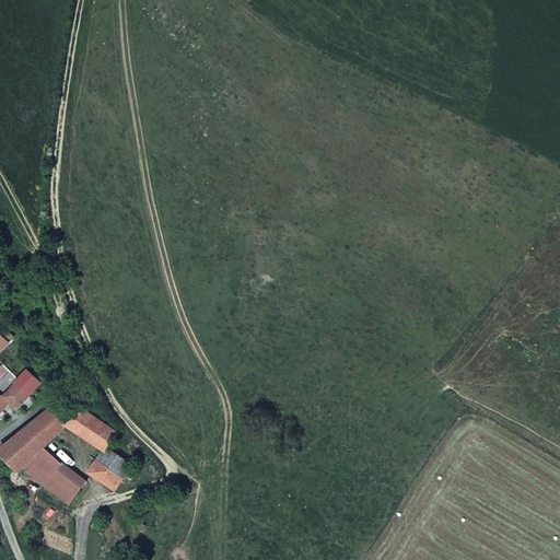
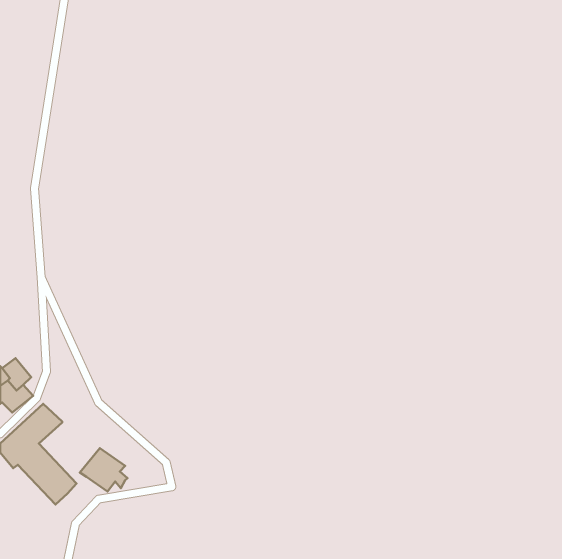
building: [66,409,113,447] -> none

